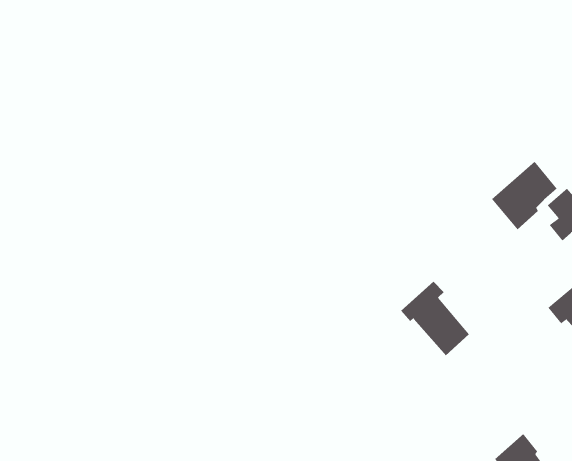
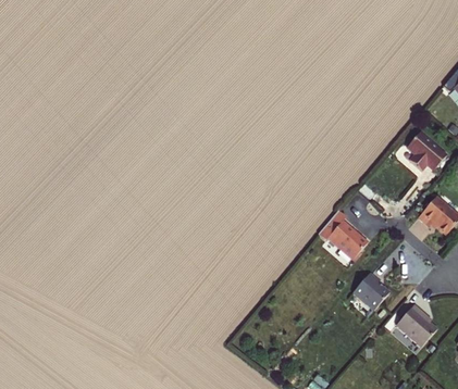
building: [491,161,558,230] -> none
building: none -> [352,273,389,310]

